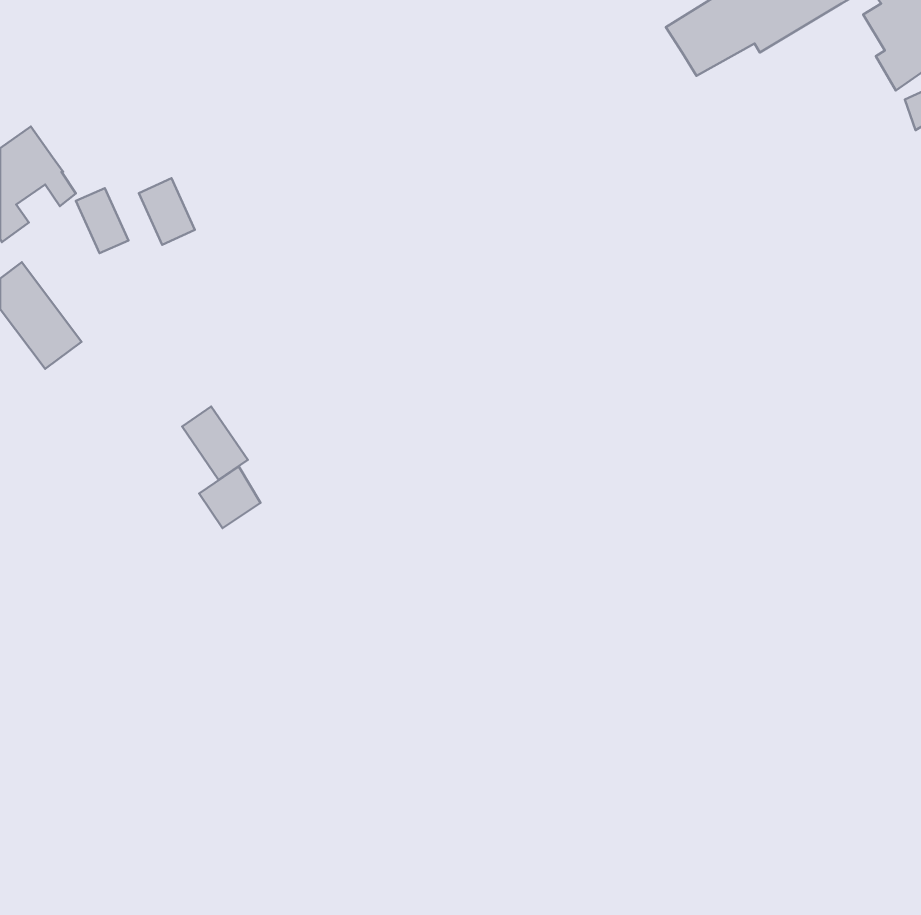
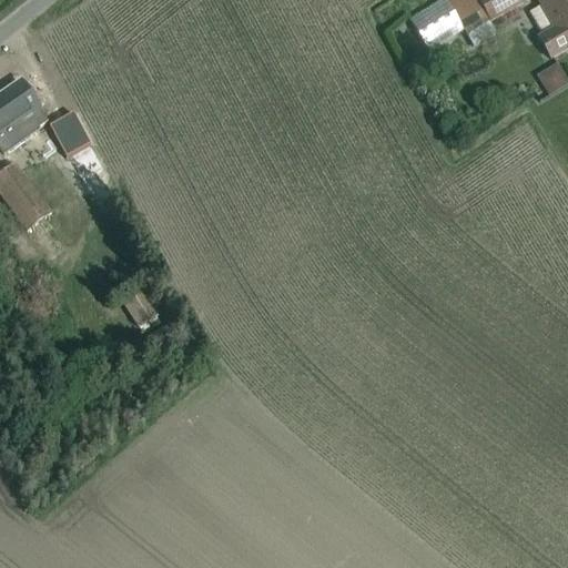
building: [139,178,195,245] -> none
building: [182,406,248,480] -> none

